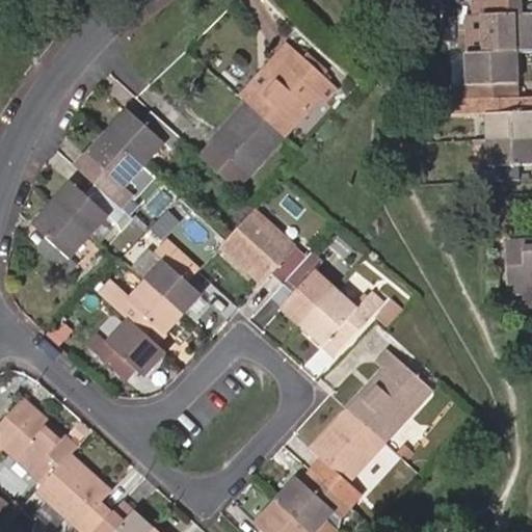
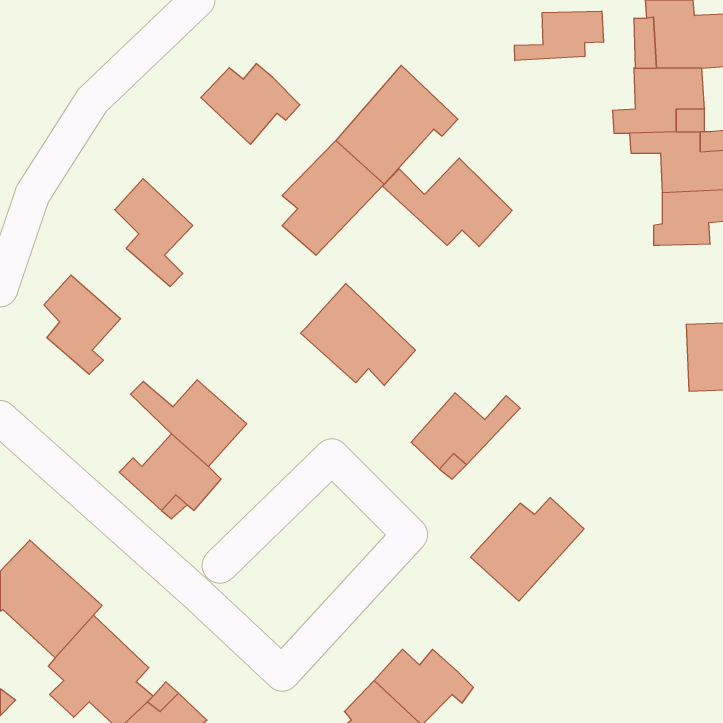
building: none -> [514,11,603,61]
building: [106,107,179,166] -> [201,64,300,144]
building: none -> [382,158,512,247]
building: [53,182,126,235] -> none
building: [145,242,201,312] -> none
building: [281,251,335,325] -> none
building: [309,409,381,494] -> none

